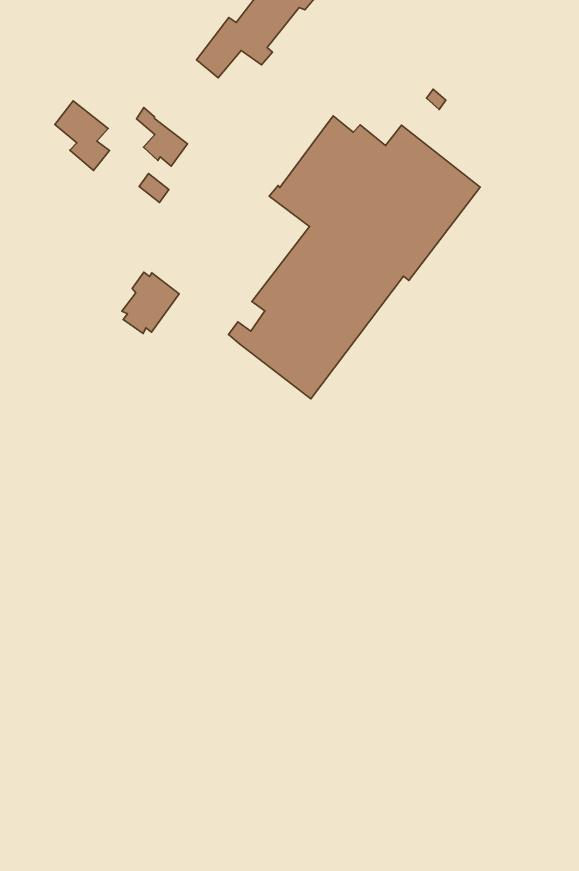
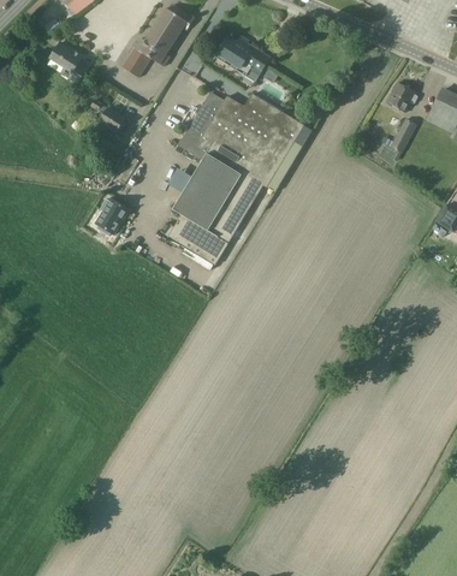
building: none -> [215,36,269,76]
building: [55,101,110,170] -> [51,42,85,83]

